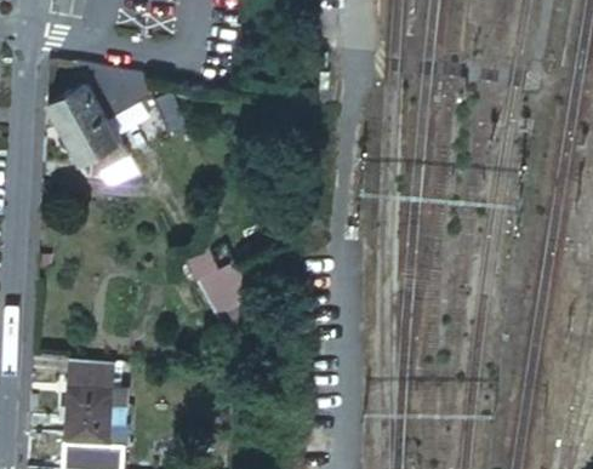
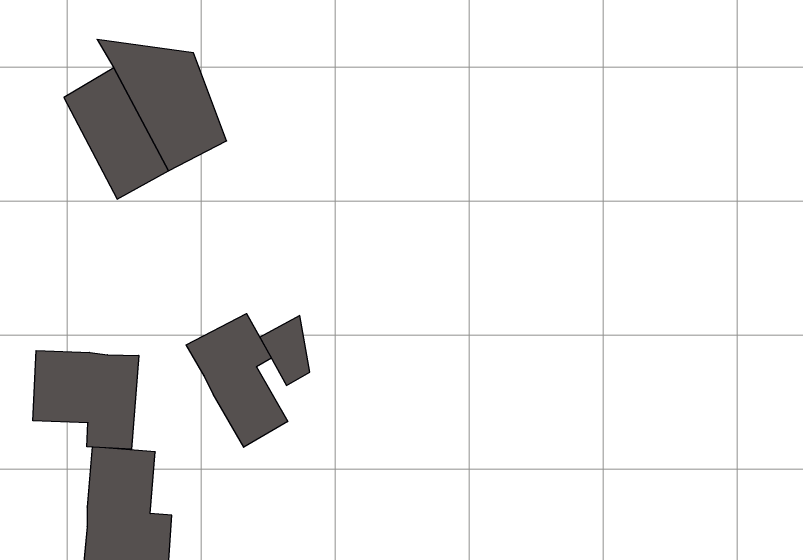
building: none -> [186,314,288,447]
building: none -> [33,351,139,449]

